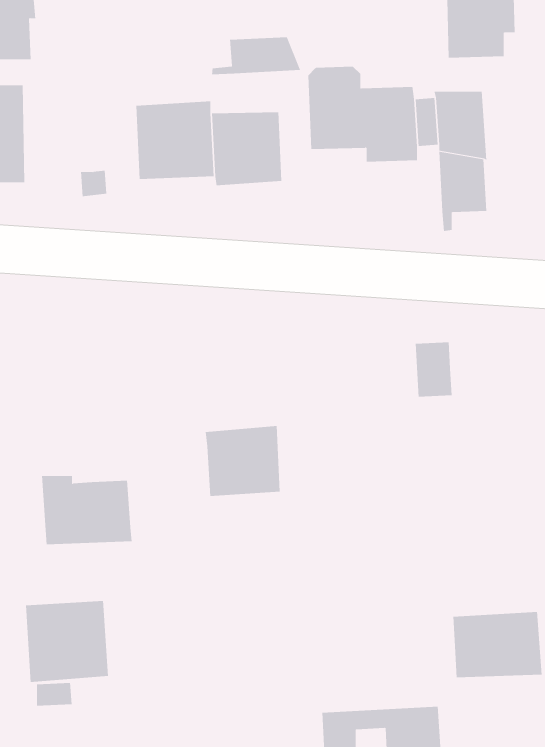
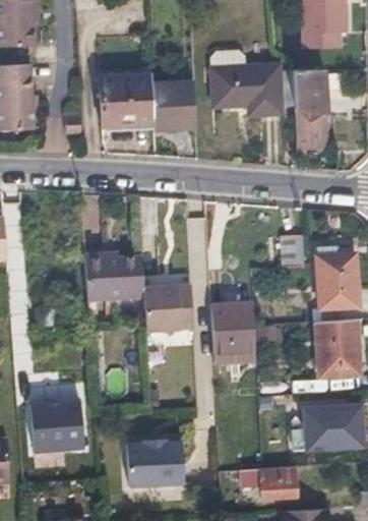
building: [212,36,301,75] -> none
building: none -> [317,244,360,307]
building: none -> [210,307,257,364]
building: [41,475,133,545] -> [87,256,146,301]
building: none -> [316,320,352,377]
building: none -> [129,440,185,485]

